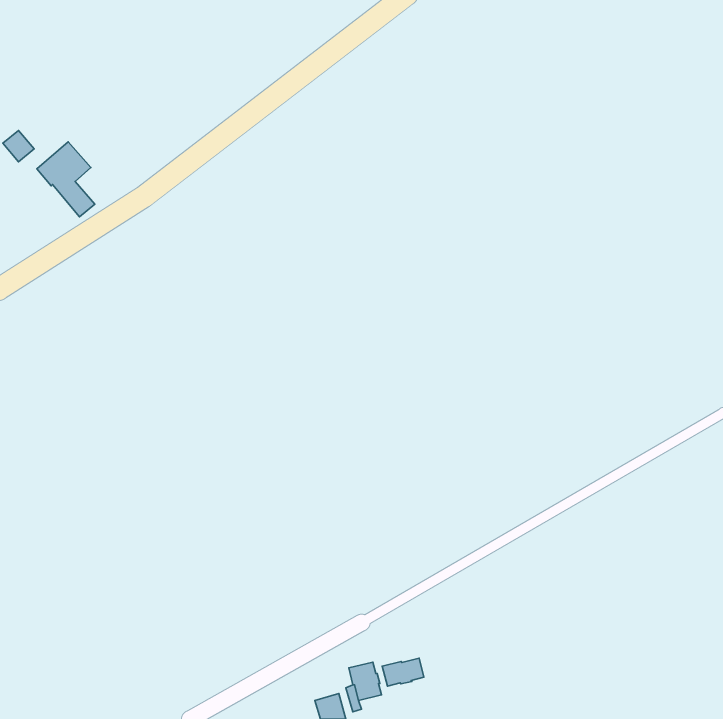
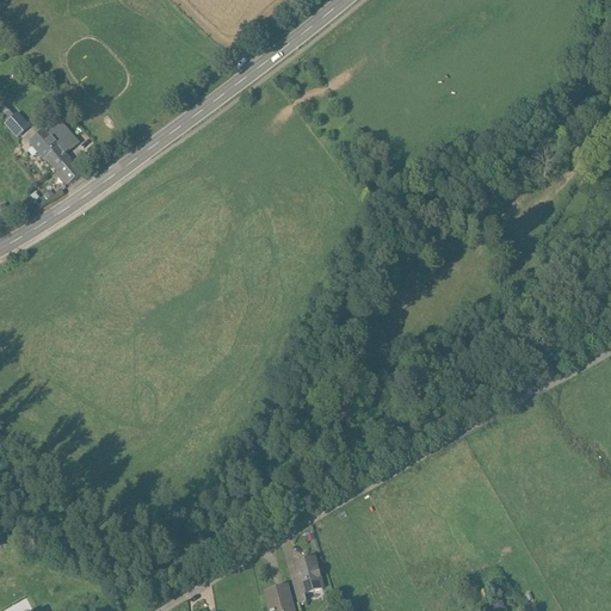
building: [382,658,424,686] -> none

